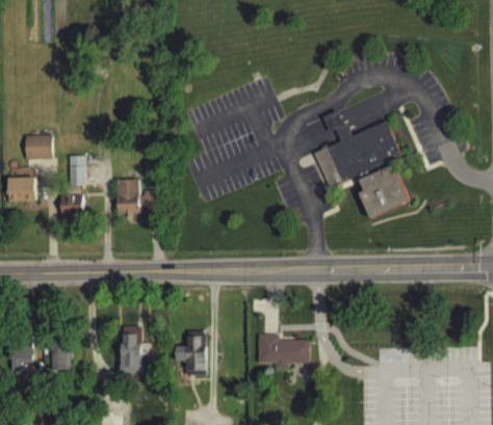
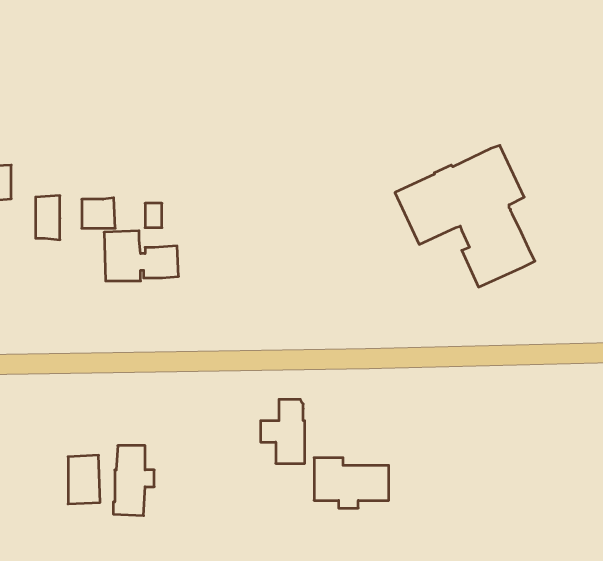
building: [59,195,82,216] -> [82,198,115,228]
building: [176,331,206,375] -> [261,399,305,463]
building: [51,337,73,370] -> [68,455,100,504]

